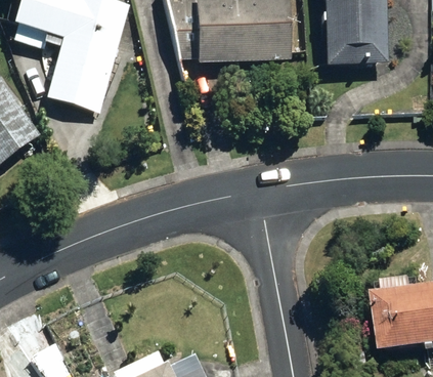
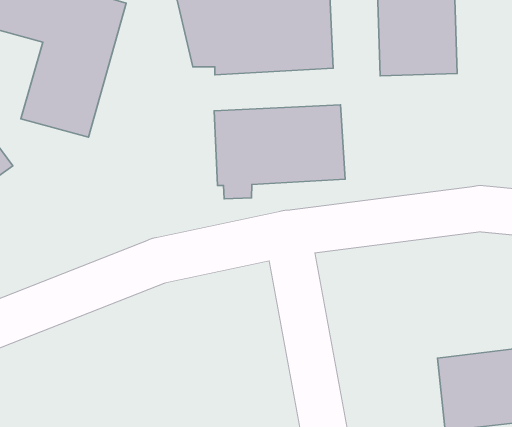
building: none -> [214,105,345,199]

